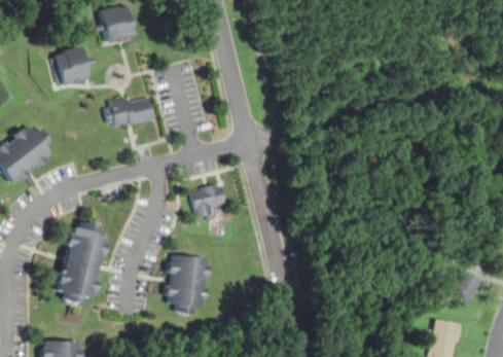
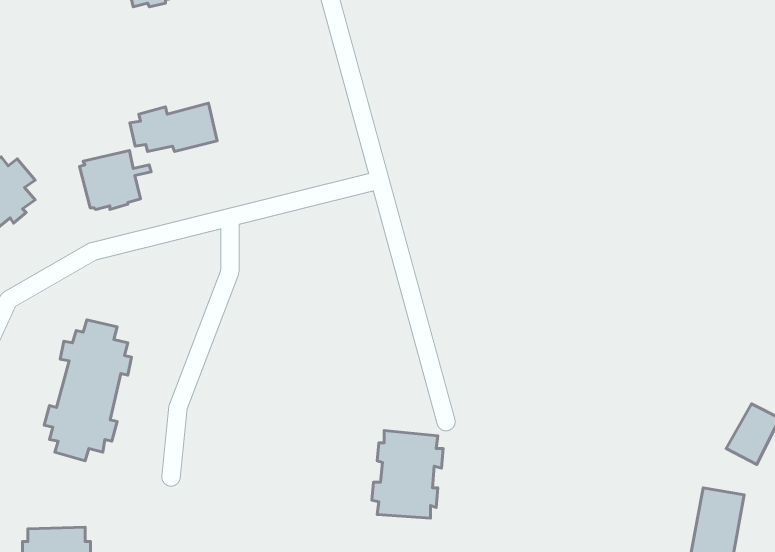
building: [52,49,94,83] -> [80,151,151,210]
building: [191,183,225,219] -> none
building: [168,255,209,306] -> [372,430,443,518]

